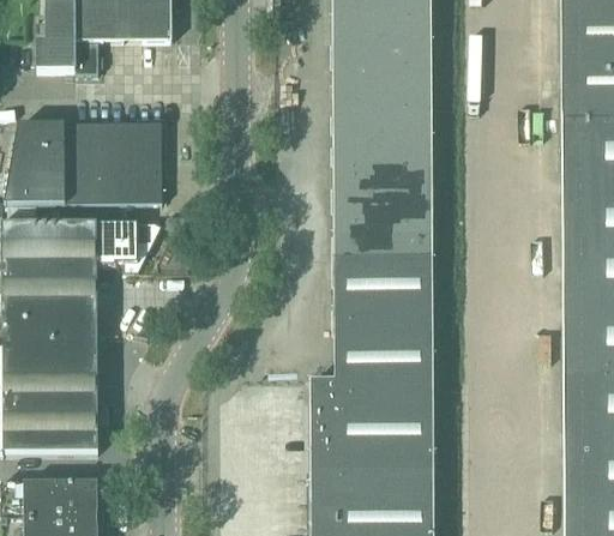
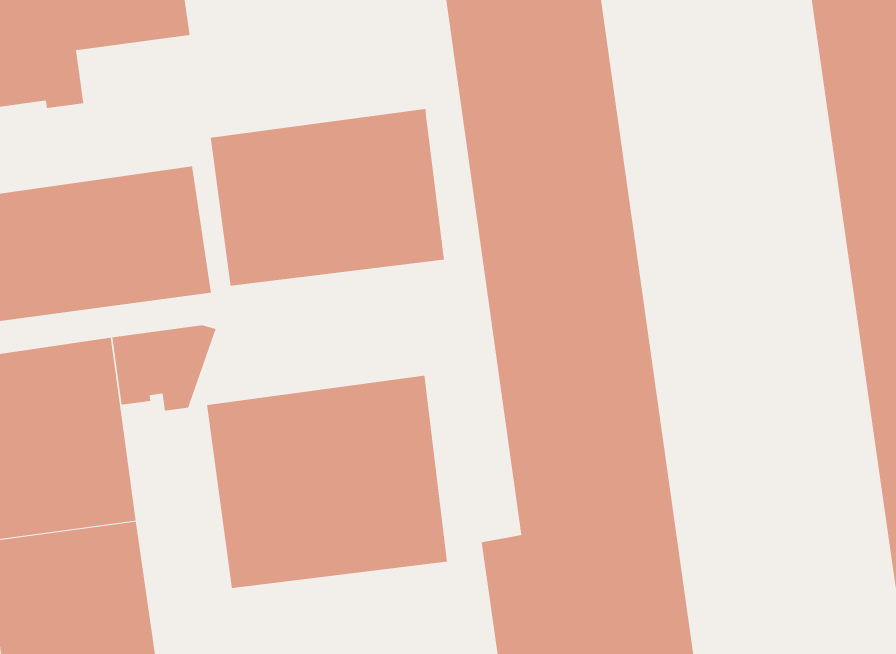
building: none -> [210,108,444,287]
building: none -> [206,375,448,589]

